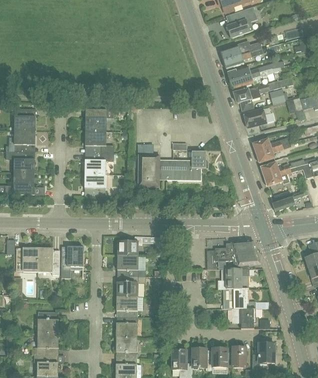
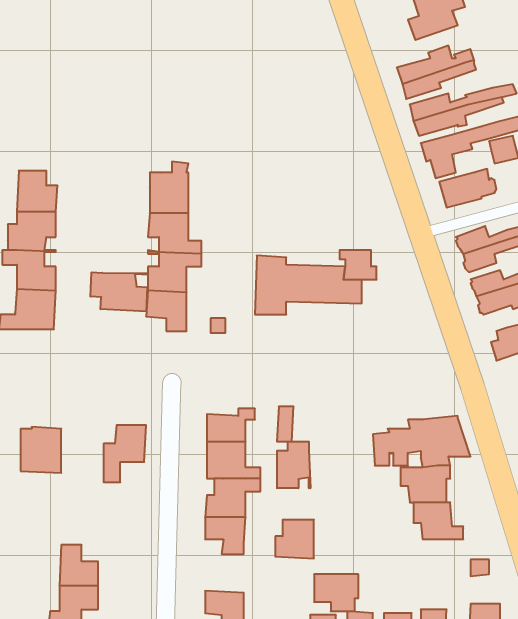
building: none -> [90,272,148,311]
building: [37,248,58,274] -> none
building: none -> [277,442,310,488]
building: [231,308,255,328] -> [314,574,358,611]
building: [115,316,136,337] -> [275,520,314,558]

